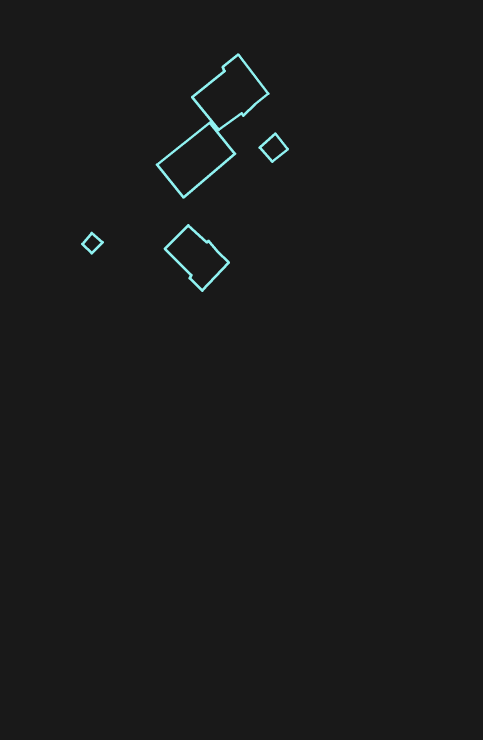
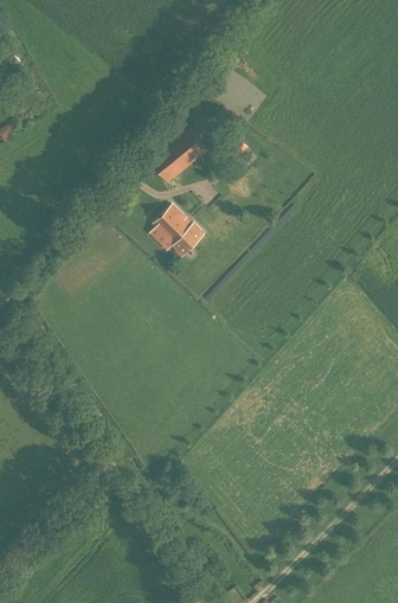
building: [192,55,268,130] -> none

